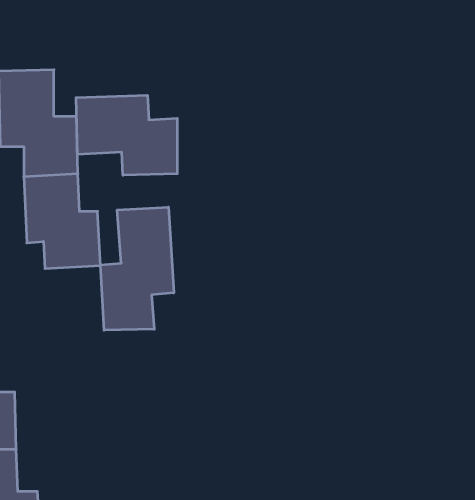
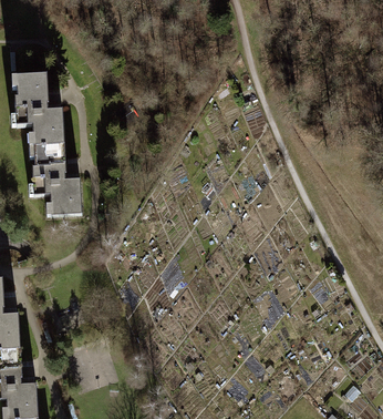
building: [76,95,177,175] -> none
building: [101,207,174,330] -> none

